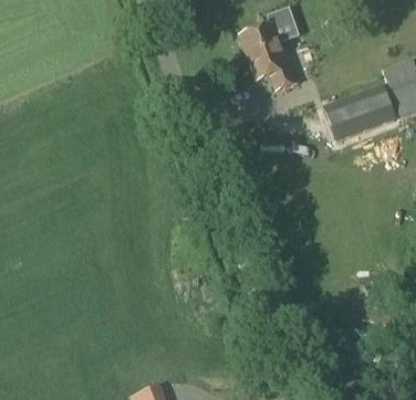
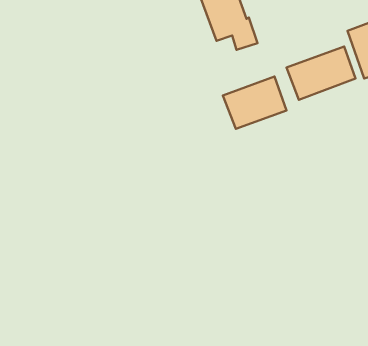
building: none -> [223,77,287,129]

